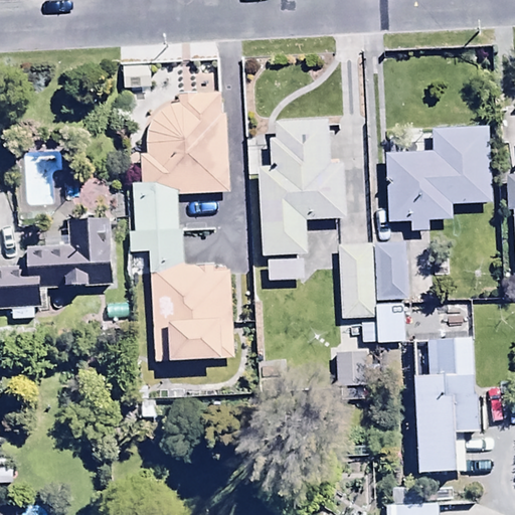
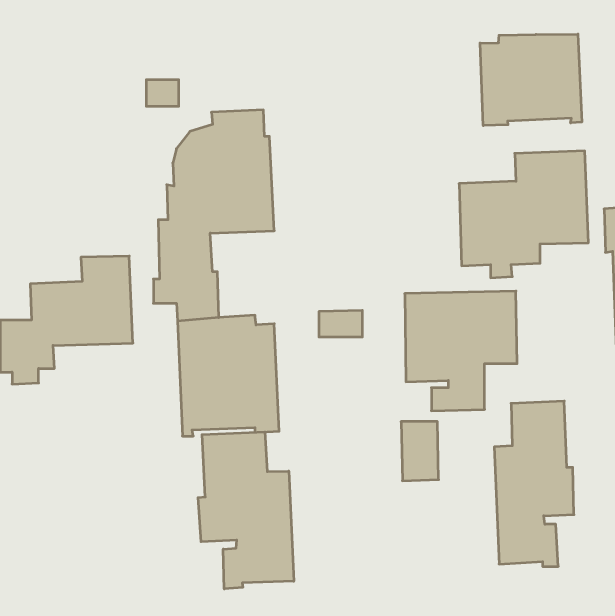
building: none -> [480,34,582,126]
building: [260,119,345,253] -> none
building: none -> [198,432,294,589]

